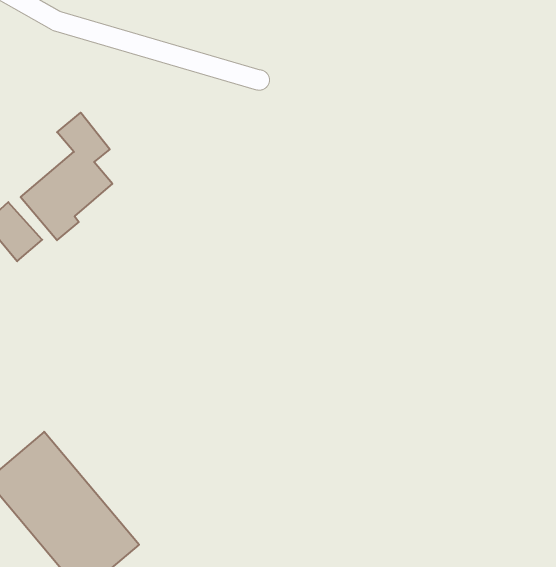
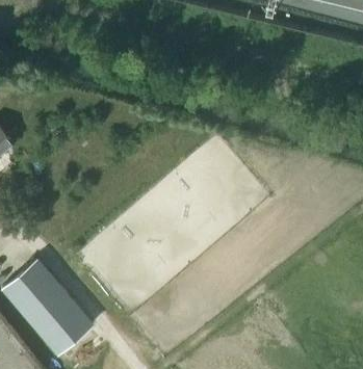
building: [21,113,112,240] -> none

